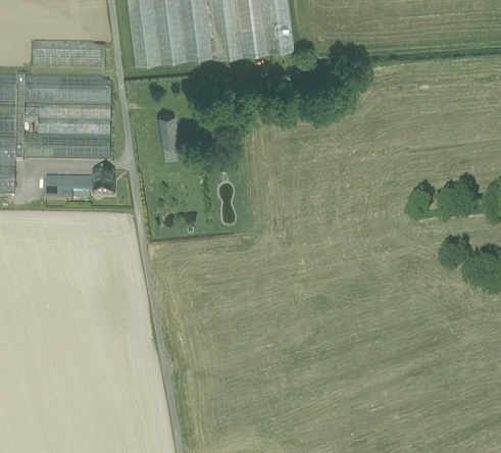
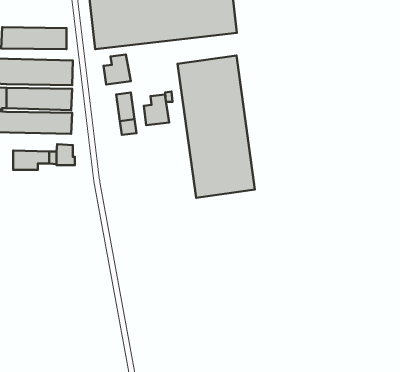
building: none -> [104,54,131,85]
building: none -> [178,55,255,198]
building: none -> [144,95,169,125]

